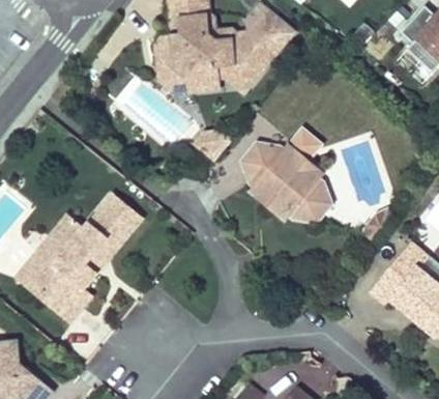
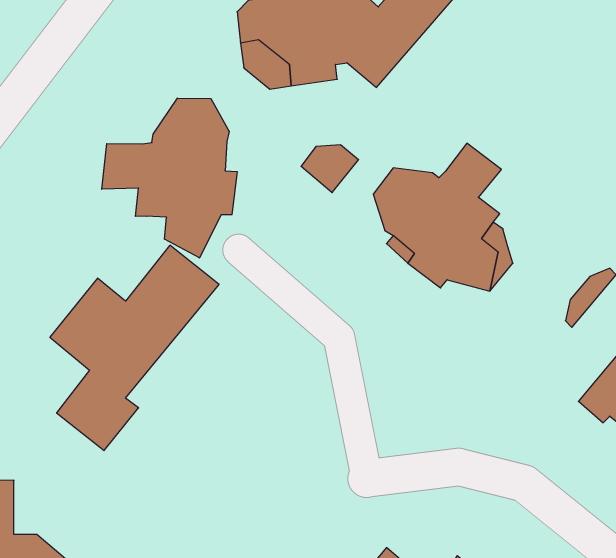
building: none -> [102,98,237,258]
building: [16,250,62,297] -> none

